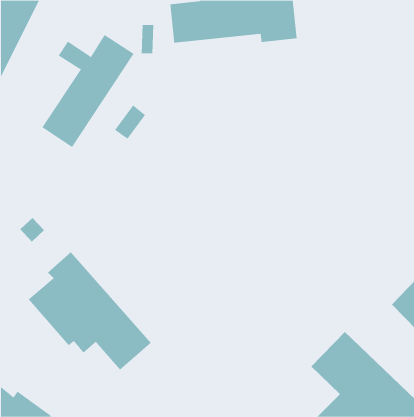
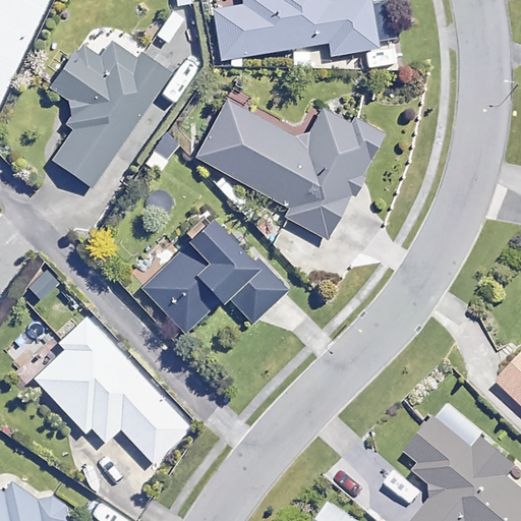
building: none -> [188,96,375,250]
building: none -> [144,215,285,332]

